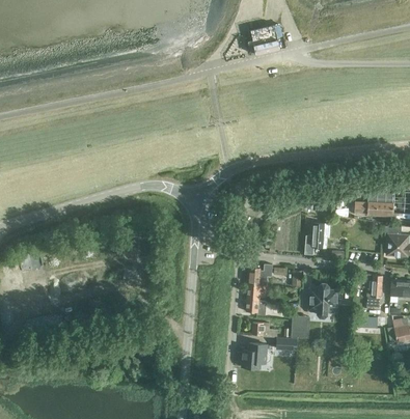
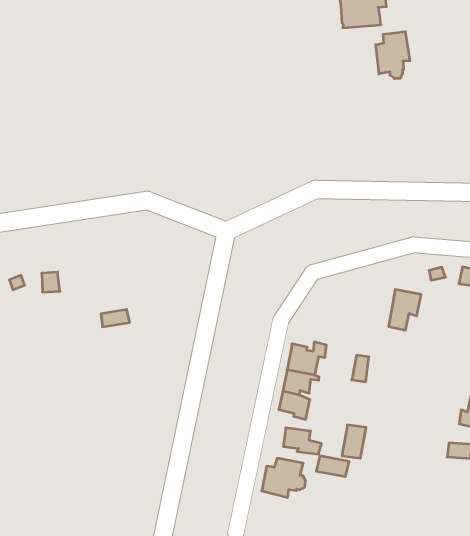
building: none -> [376,32,410,79]
building: [309,283,339,315] -> none

